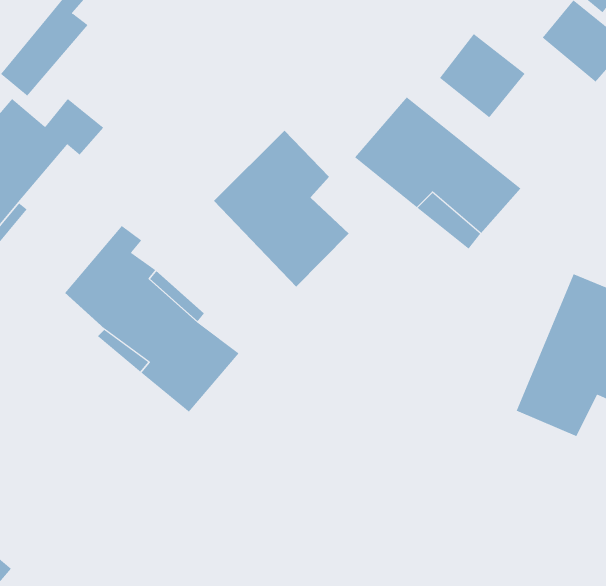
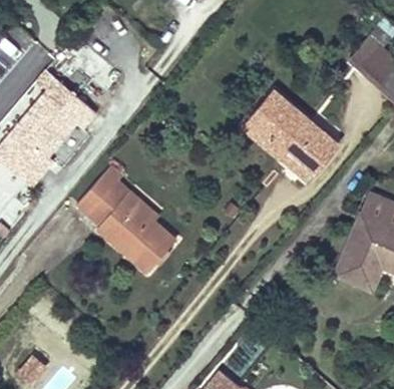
building: [439,33,526,118] -> none
building: [213,130,349,288] -> none

